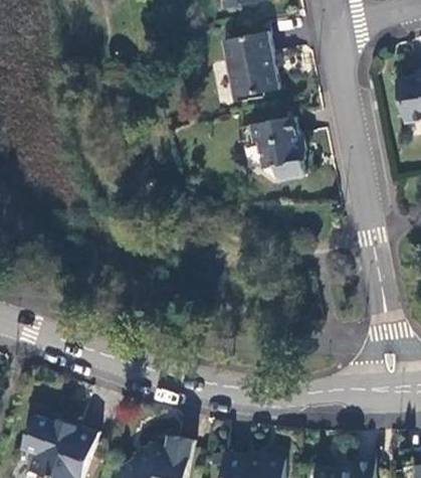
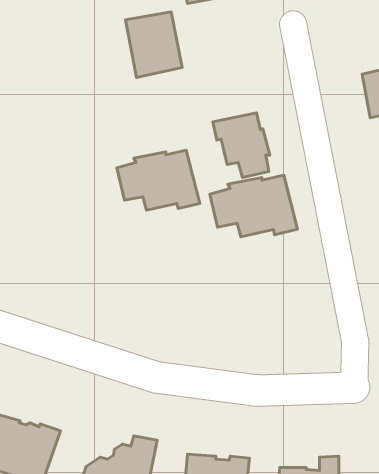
building: [221,32,277,98] -> [125,12,182,78]
building: none -> [117,150,200,210]
building: none -> [210,175,298,237]

